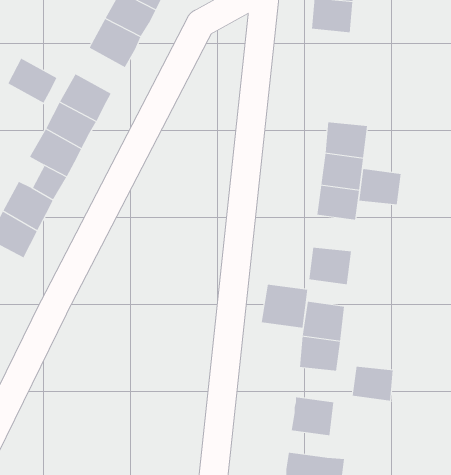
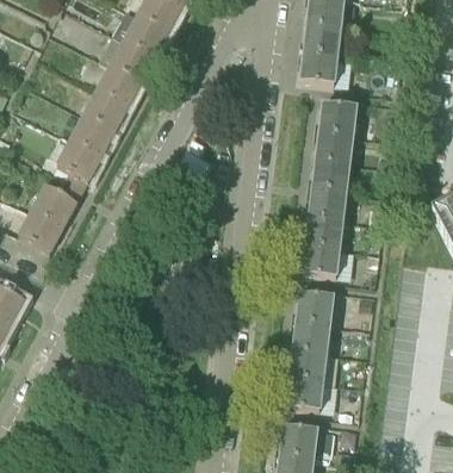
building: none -> [300,48,339,81]
building: [7,58,57,104] -> [95,64,139,105]
building: none -> [318,99,358,133]
building: [358,169,402,205] -> [305,212,343,244]
building: [261,284,308,328] -> none
building: [352,366,394,401] -> [290,347,327,378]

